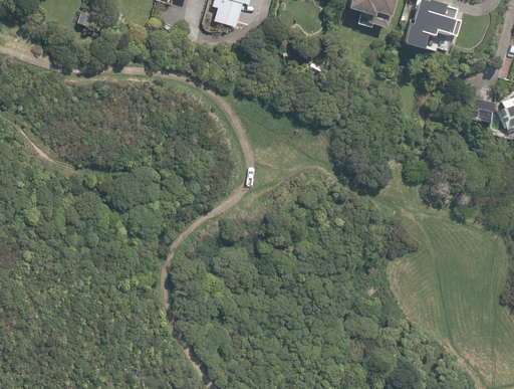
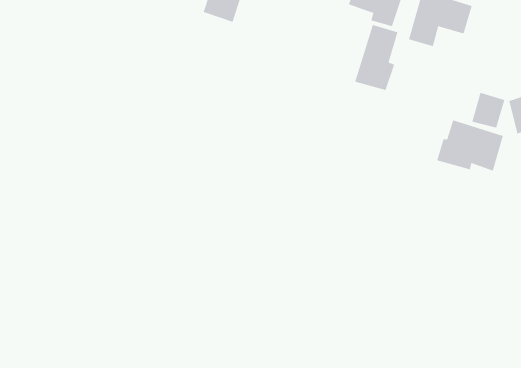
building: none -> [354,24,398,91]
building: none -> [436,119,503,171]

